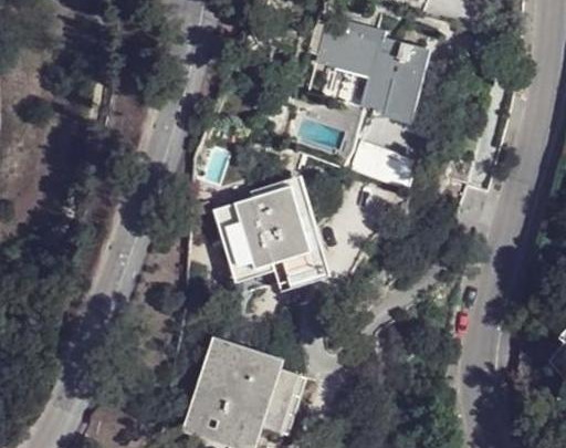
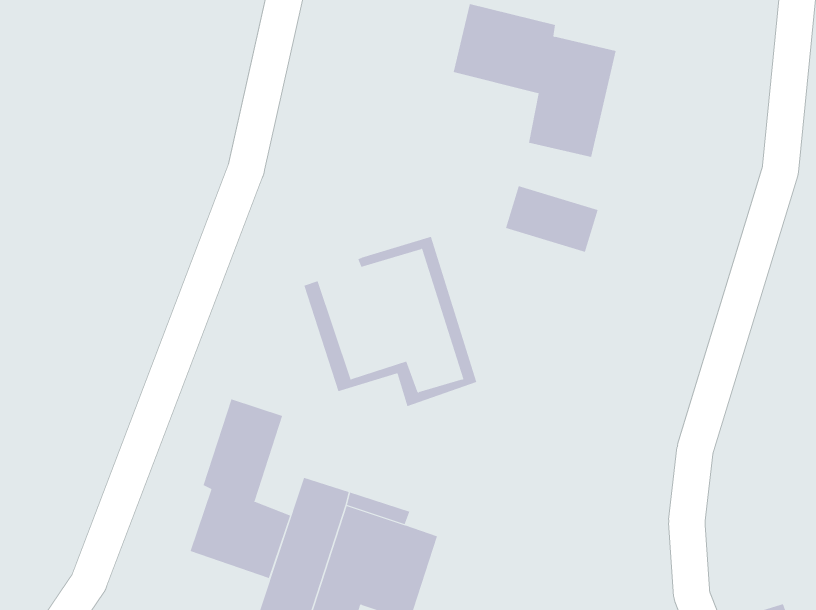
building: [223,184,321,280] -> none
building: none -> [190,398,291,579]

